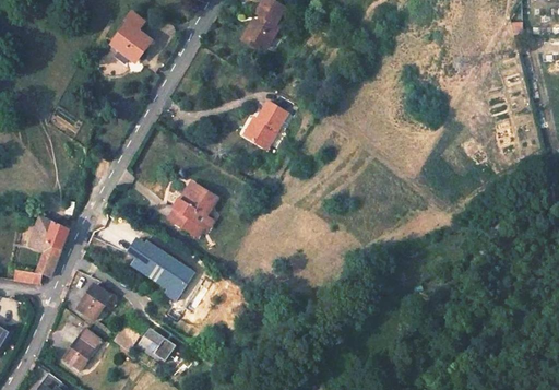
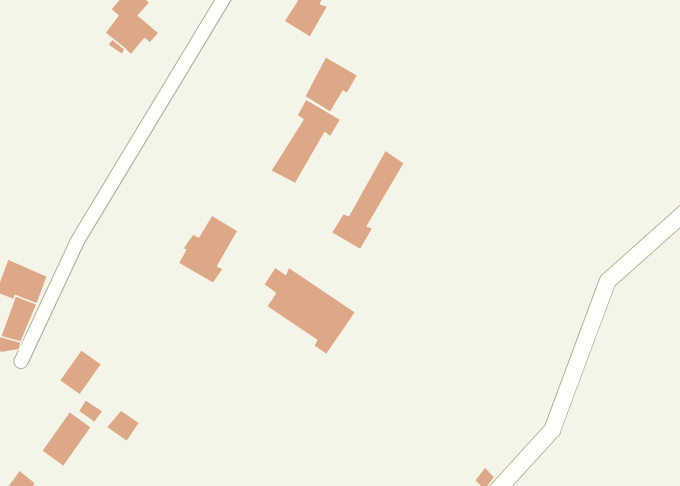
building: none -> [304,56,358,113]
building: none -> [331,150,405,250]
building: [126,236,194,302] -> [264,267,356,355]
building: [136,326,174,359] -> none

